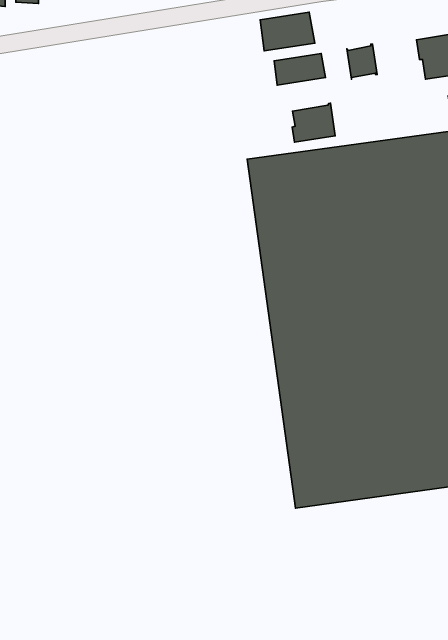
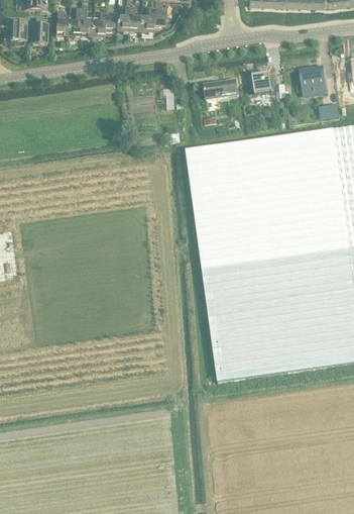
building: [260,12,315,51] -> none
building: [292,103,335,142] -> none

